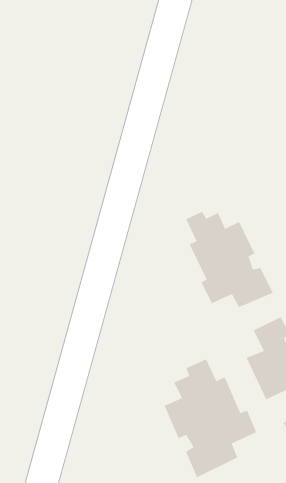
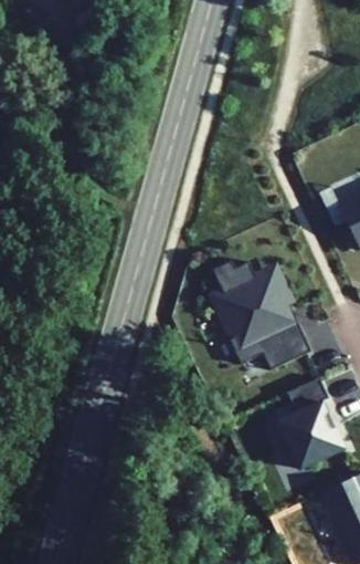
building: [163,358,257,478] -> none

